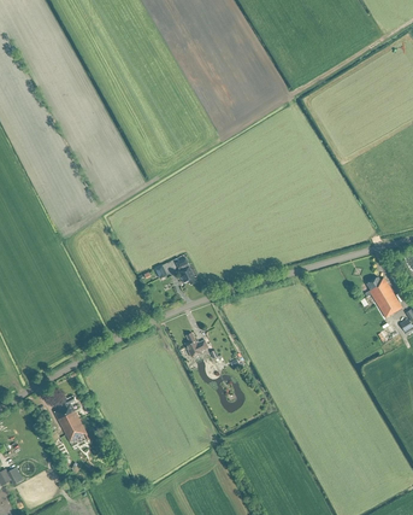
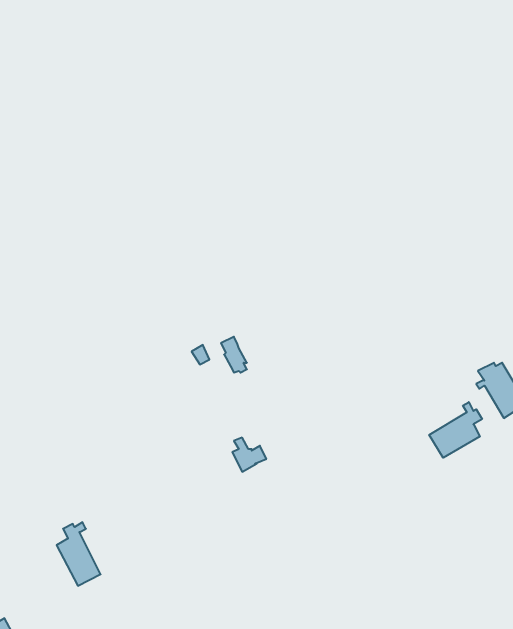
building: none -> [429,402,482,458]

